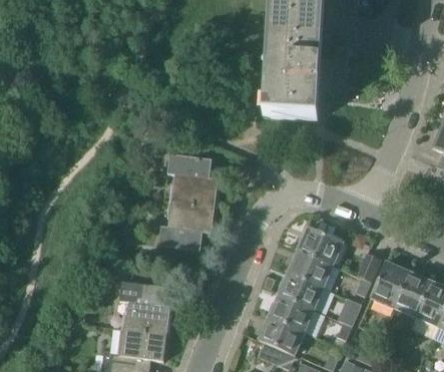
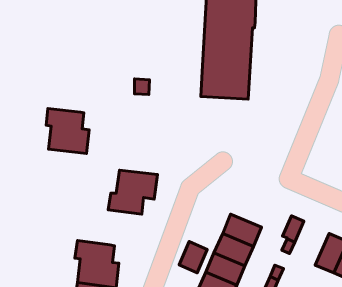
building: [168,154,217,206] -> [46,109,89,153]
building: [298,228,343,266] -> none
building: [370,262,410,309] -> none
building: none -> [179,241,207,273]

